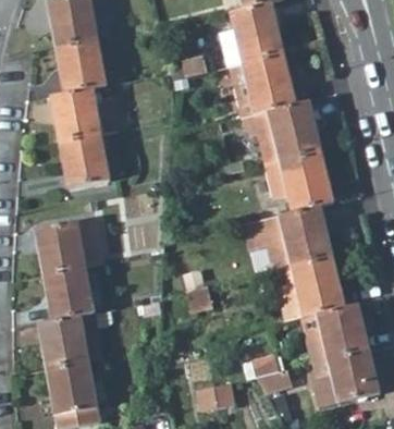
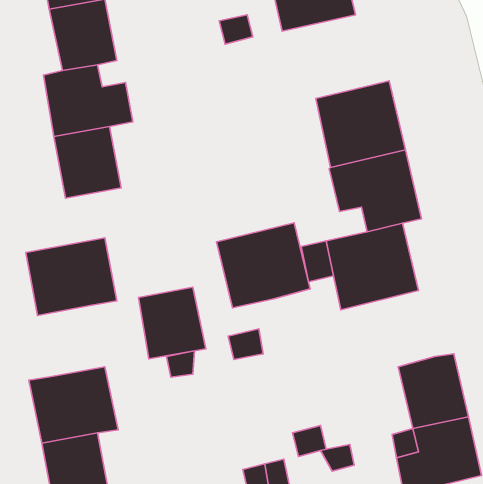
building: [227,51,294,117] -> none
building: [271,256,341,319] -> [217,223,310,308]
building: [46,267,96,320] -> [138,287,206,359]

